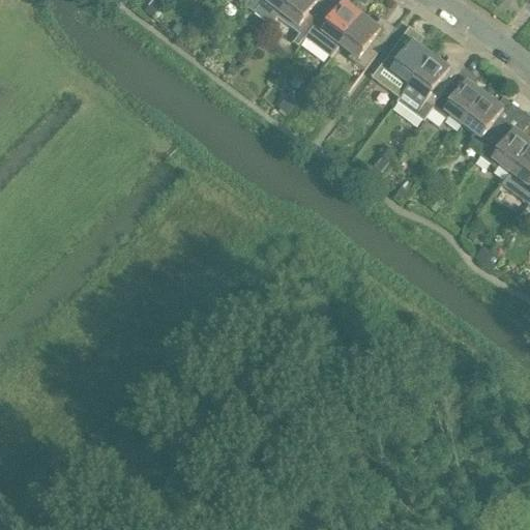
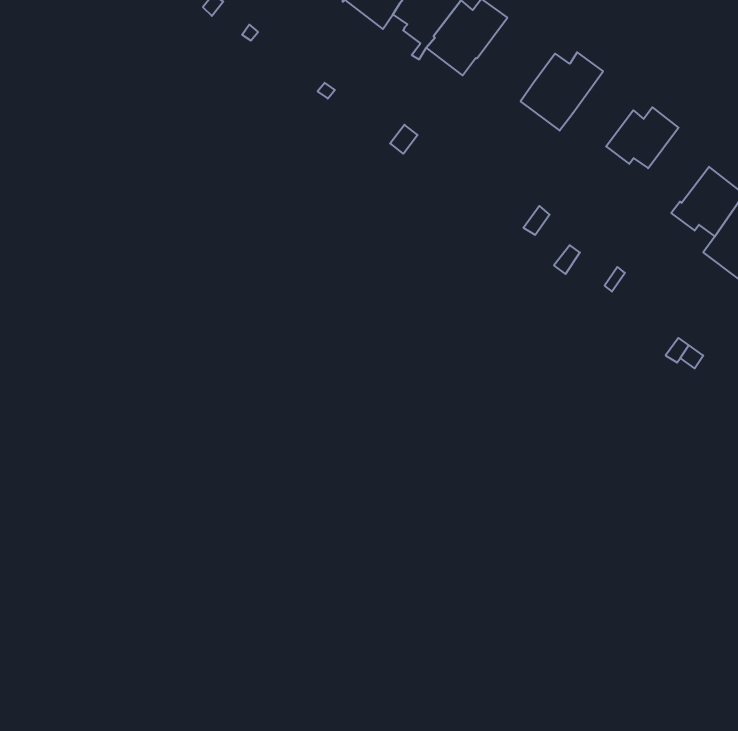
building: [343,12,385,66] -> none
building: [400,51,454,116] -> none
building: [465,91,508,145] -> none

